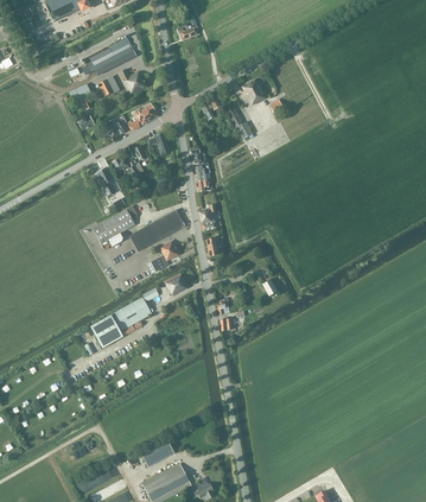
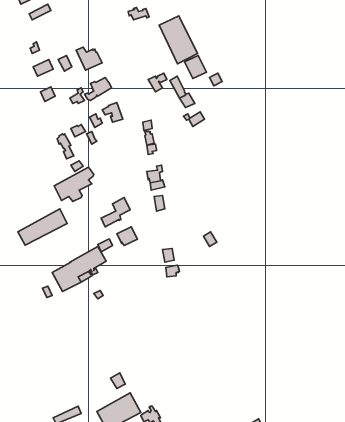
building: none -> [159,16,198,64]
building: [91,37,136,75] -> none
building: [129,209,185,250] -> [18,209,67,245]

